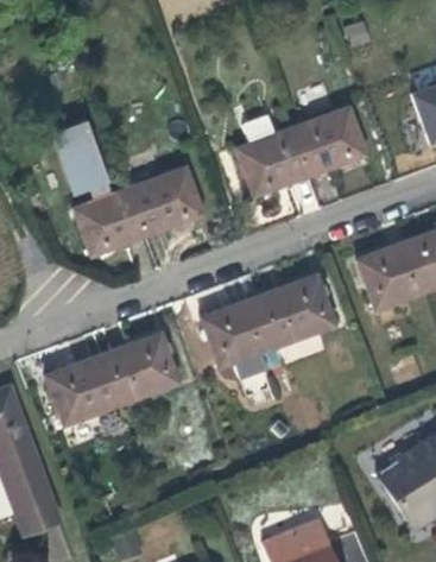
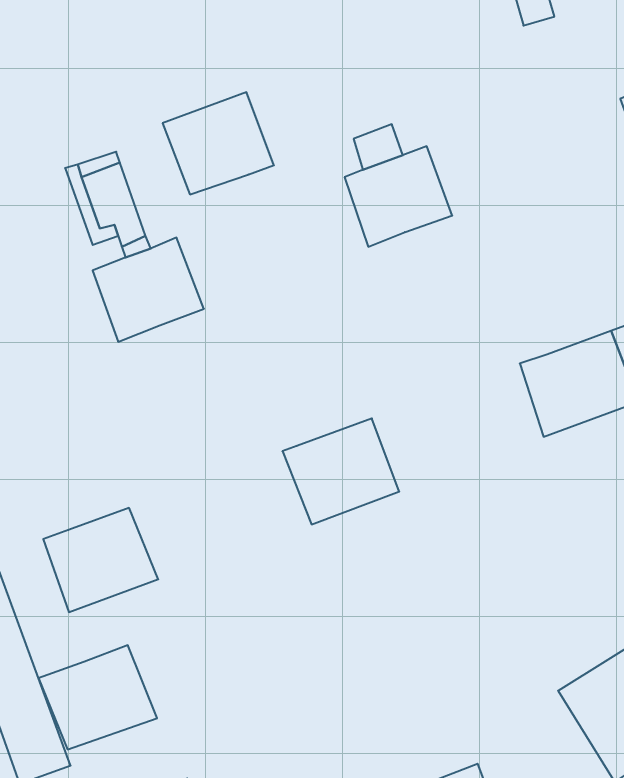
building: [292,103,365,169] -> none
building: [129,163,202,229] -> [163,92,274,194]
building: [257,279,333,348] -> none
building: [99,337,176,405] -> [38,645,157,749]

